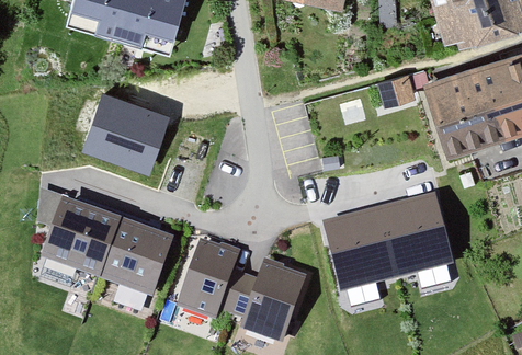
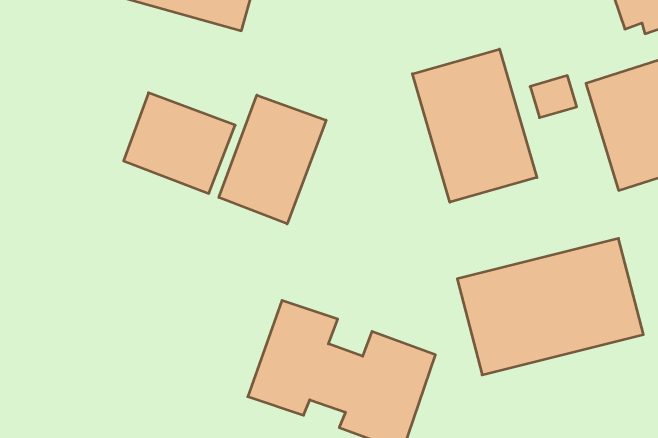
building: none -> [412,49,537,202]
building: none -> [219,95,326,224]
building: [43,196,178,297] -> none

